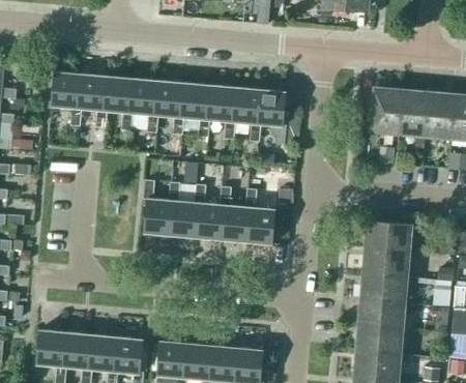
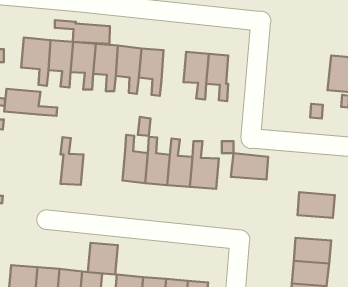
building: none -> [55,20,110,44]
building: [210,86,238,140] -> none
building: [373,90,403,131] -> none
building: none -> [4,89,57,116]
building: [143,180,169,234] -> [61,137,83,185]
building: [367,220,409,251] -> [231,153,268,180]
building: [362,273,405,302] -> none
building: none -> [88,243,118,275]

